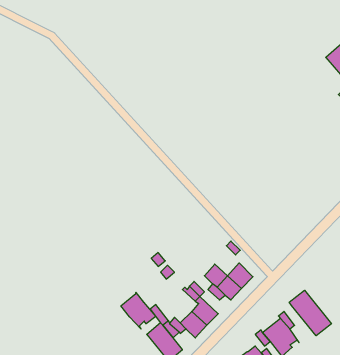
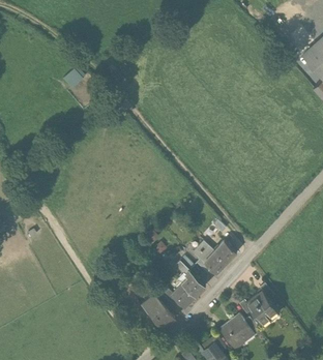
building: [289,290,331,336] -> none
building: [121,292,156,329] -> none

